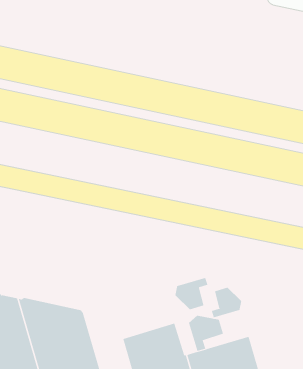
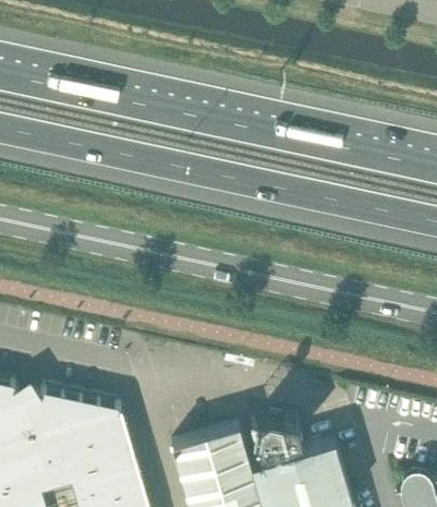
building: [175,277,208,310] -> none
building: [211,287,242,318] -> none

